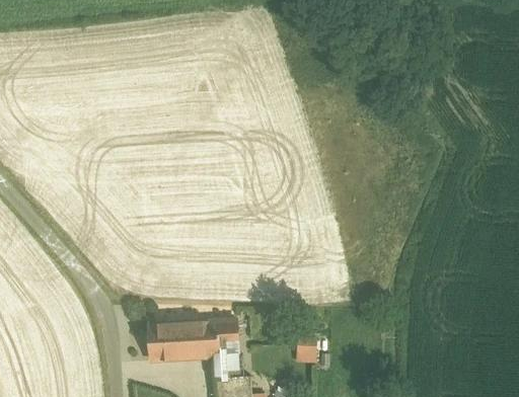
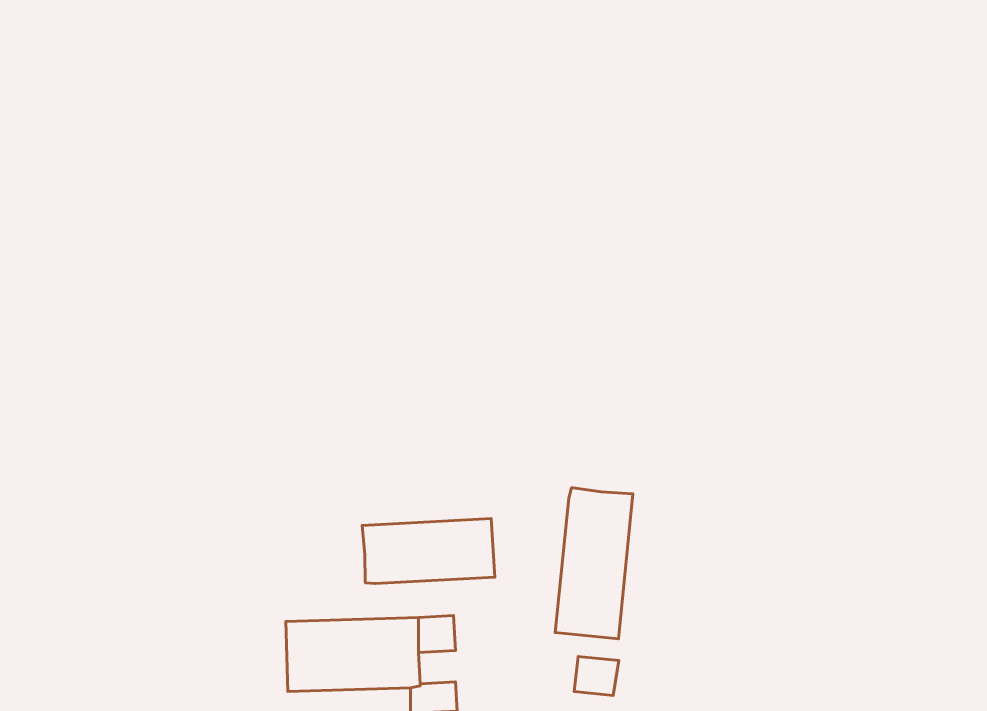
building: none -> [555,488,633,639]
building: none -> [362,518,495,584]

